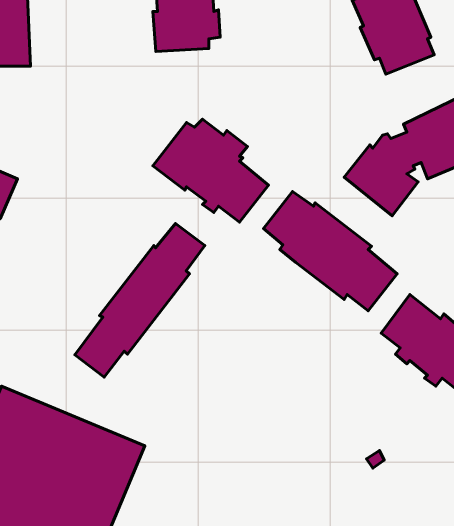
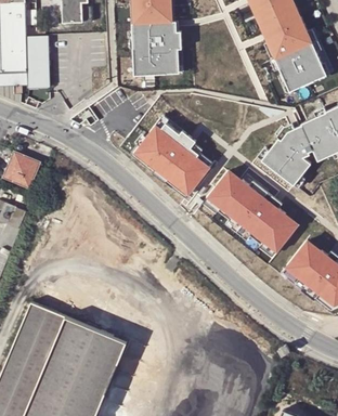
building: [75,223,205,377] -> none

